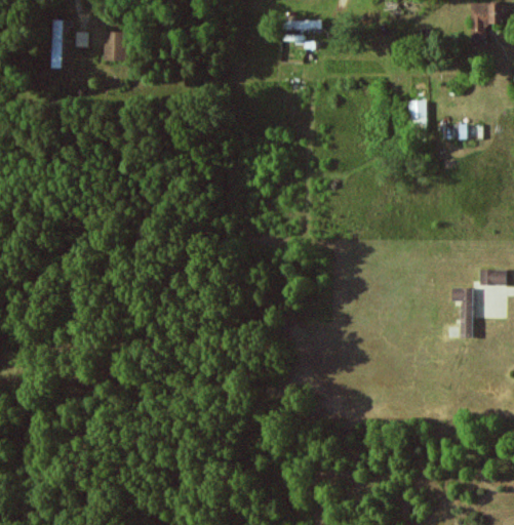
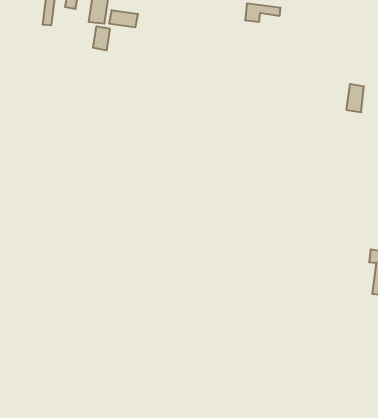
building: none -> [109,10,138,27]
building: none -> [93,26,110,50]

